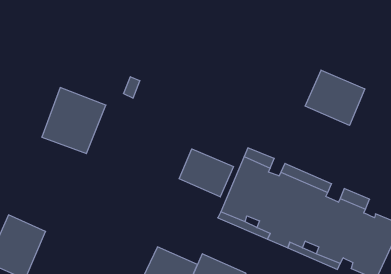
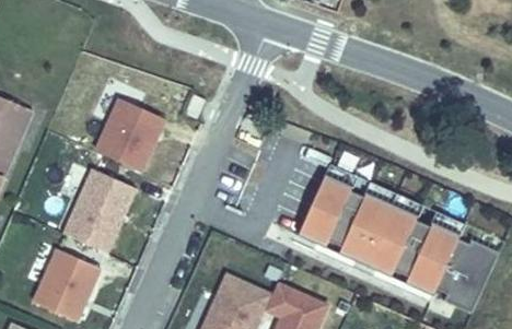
building: [305,70,365,125] -> none
building: none -> [60,164,133,248]
building: [179,149,234,197] -> none

